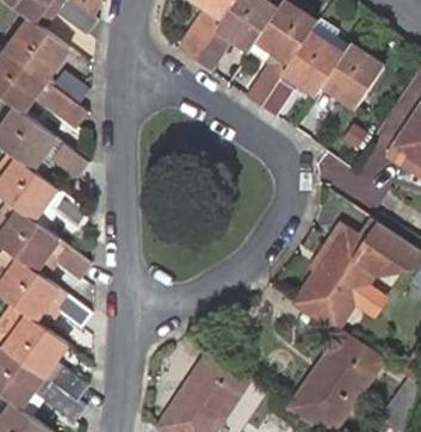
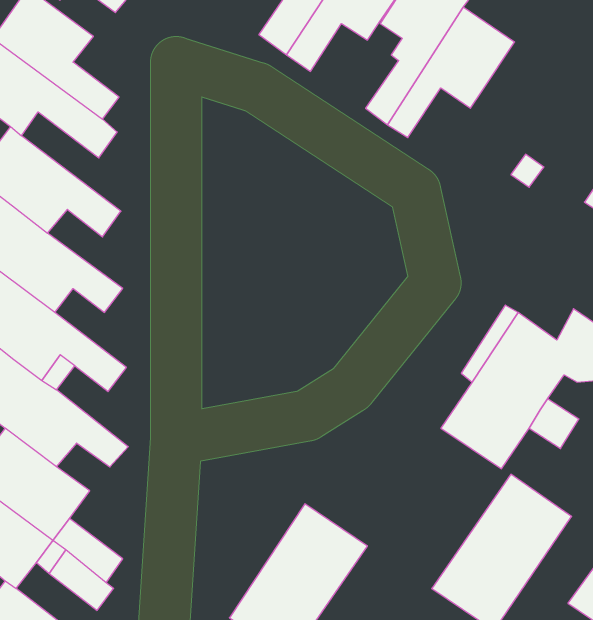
building: [322,42,384,106] -> none

